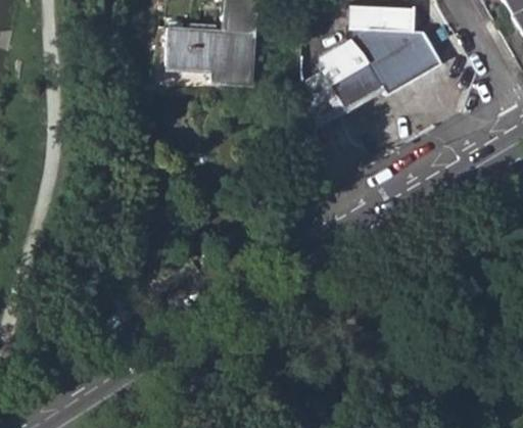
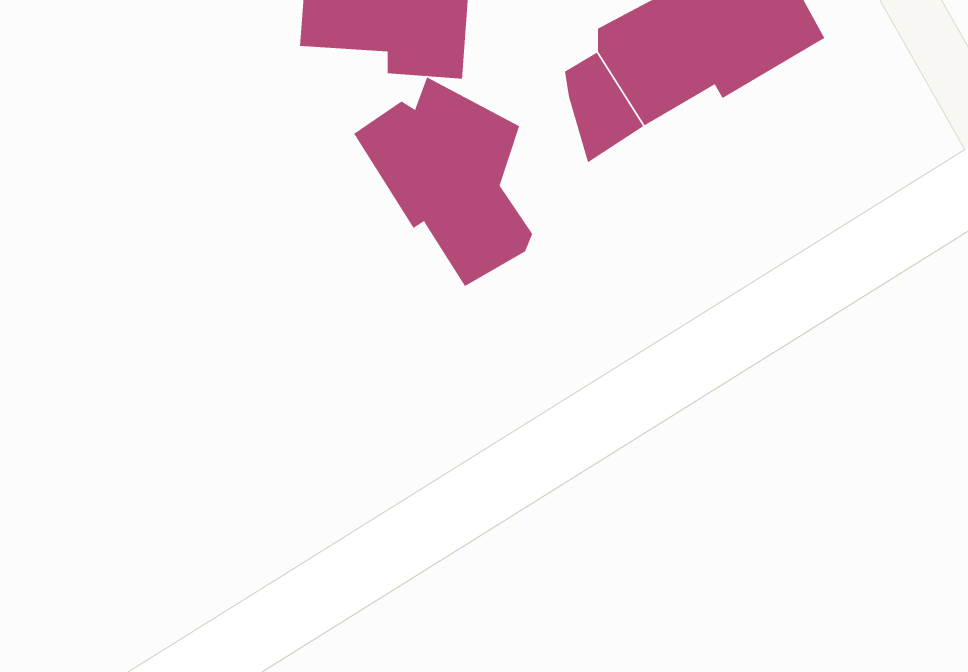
building: none -> [353,76,533,287]

